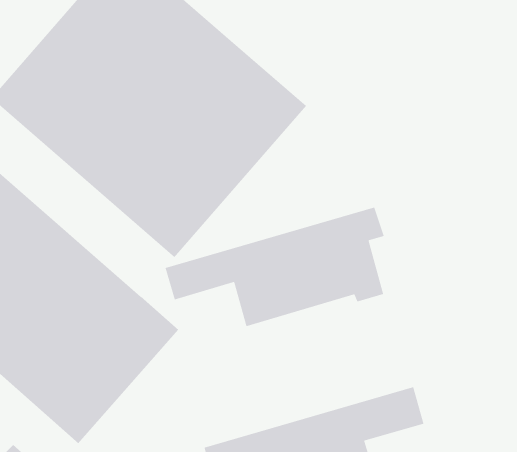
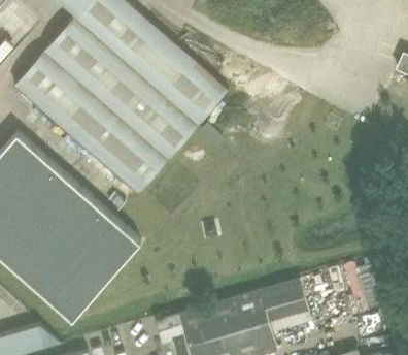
building: [164,206,385,327] -> none

